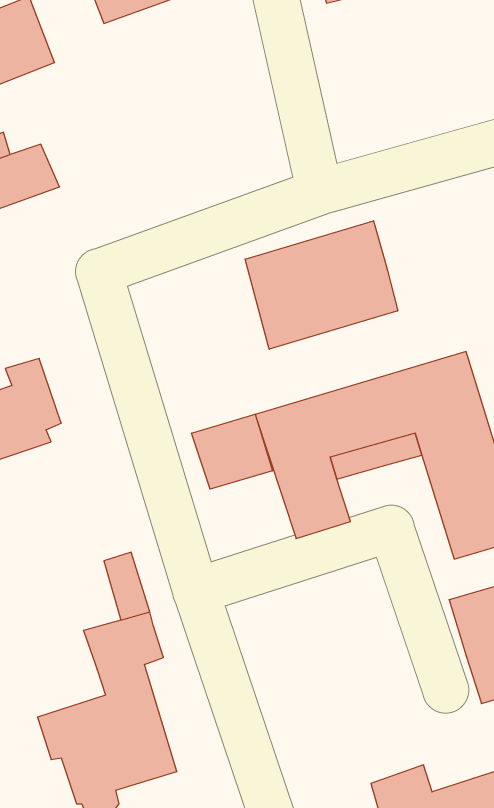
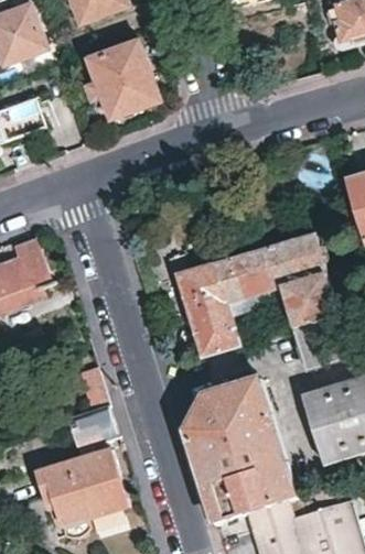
building: none -> [83,42,161,123]
building: [245,221,398,349] -> none
building: [192,414,272,489] -> none
building: none -> [184,379,297,523]

